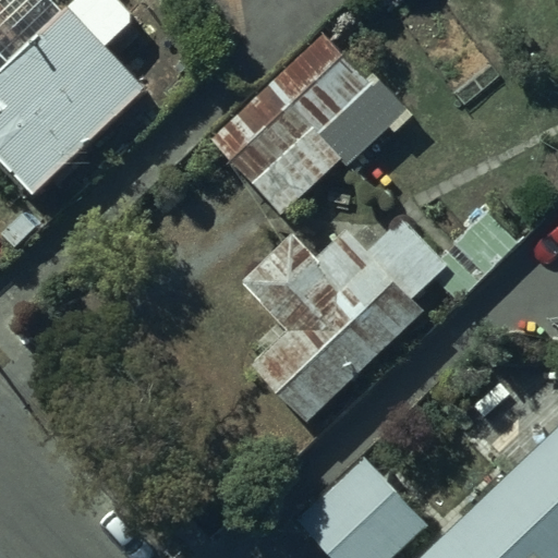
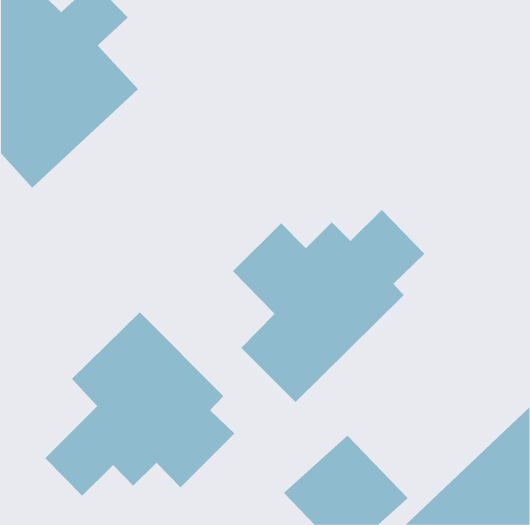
building: [209,34,368,211] -> none
building: none -> [44,311,235,497]

